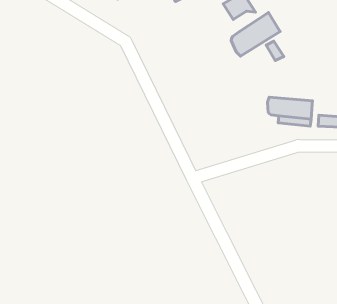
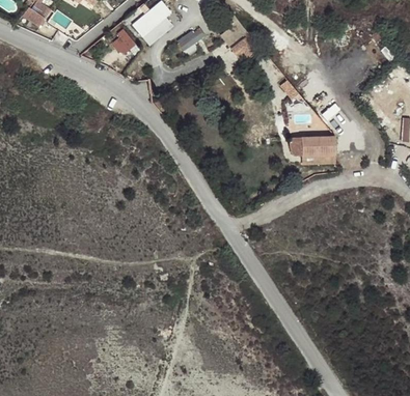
building: [231,13,280,56] -> none

